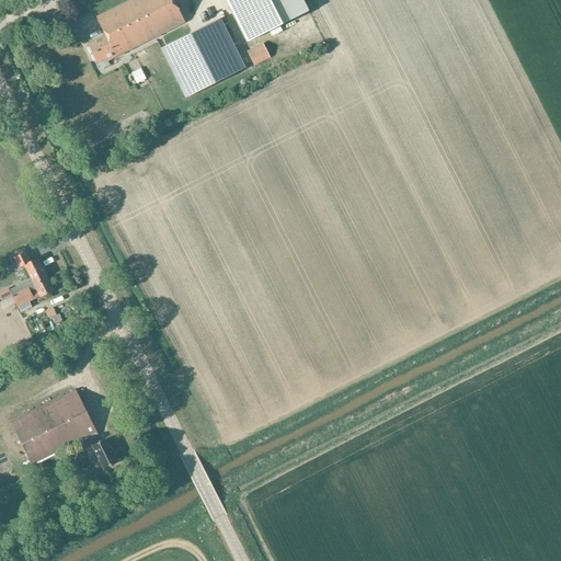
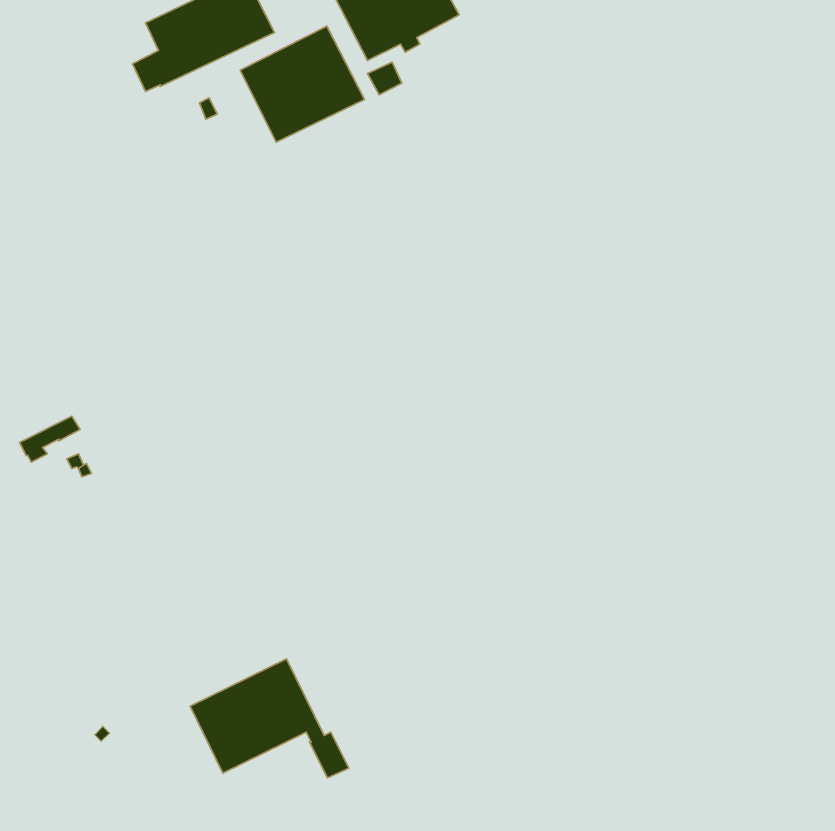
building: [9,253,48,297] -> none
building: [11,388,117,468] -> [190,659,349,778]

